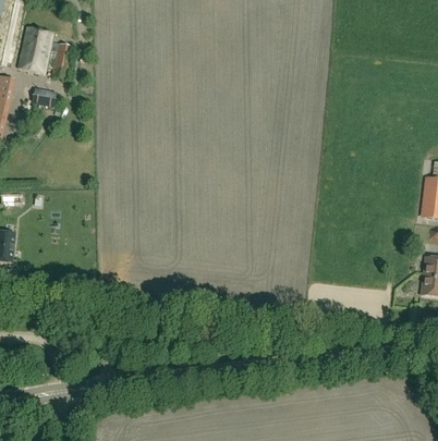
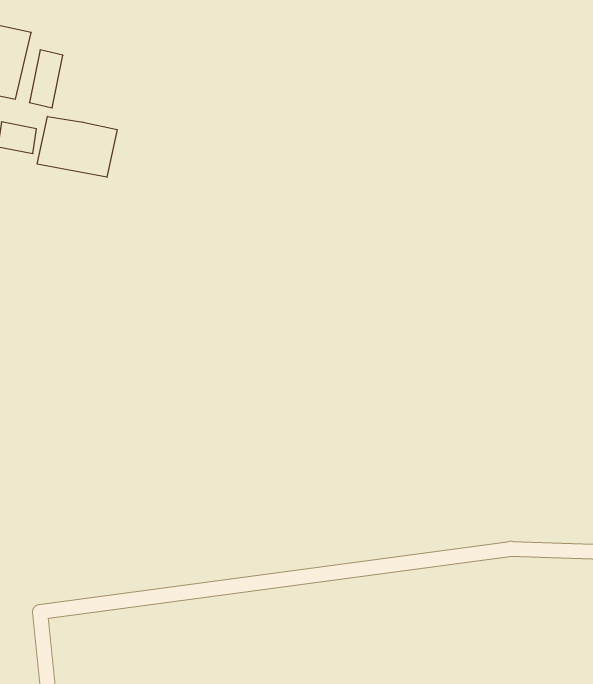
building: none -> [37,116,117,177]

